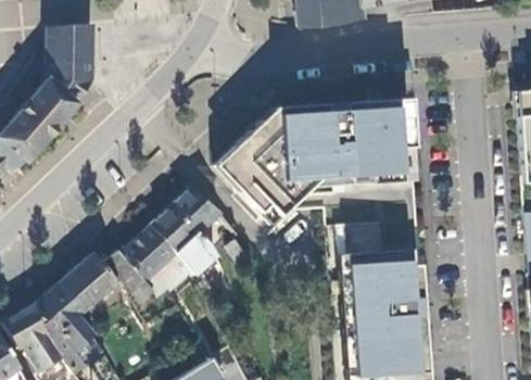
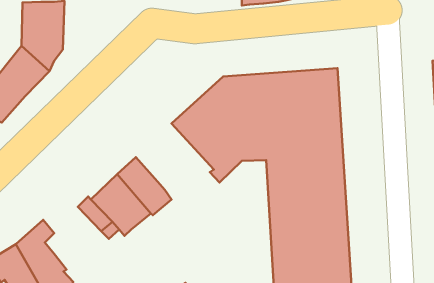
building: [176,188,219,232] -> none
building: [68,254,119,316] -> none

